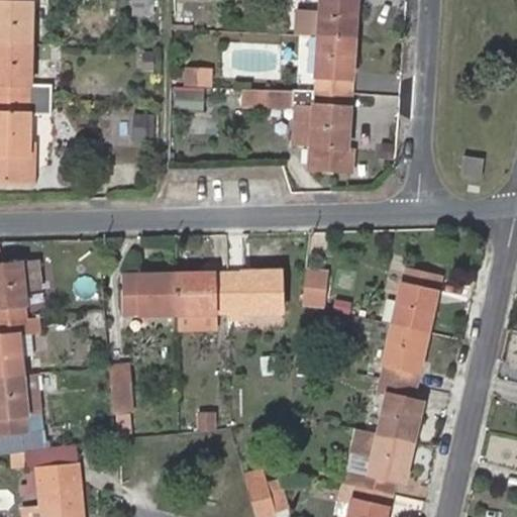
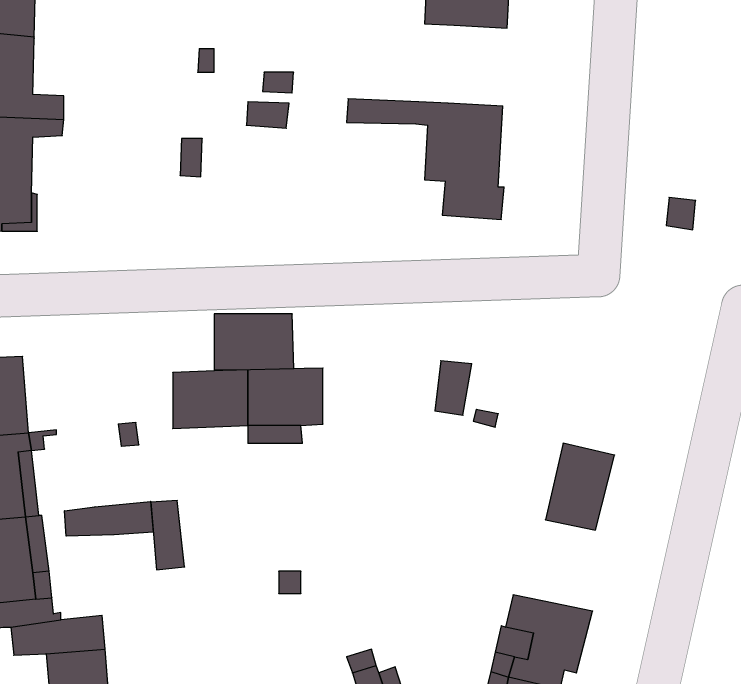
building: [314,38,354,94] -> none
building: [393,269,442,333] -> none
building: [228,274,283,312] -> [214,314,294,370]
building: none -> [65,501,153,536]
building: [377,378,423,440] -> none

